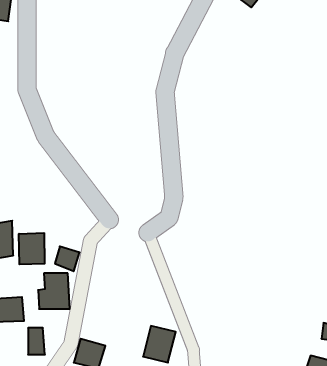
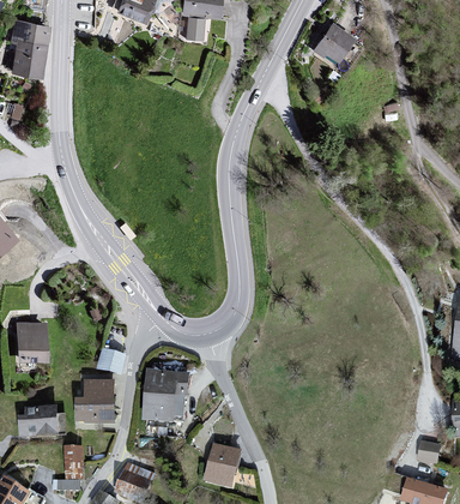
building: [19,233,45,264] -> none
building: none -> [145,371,190,425]

